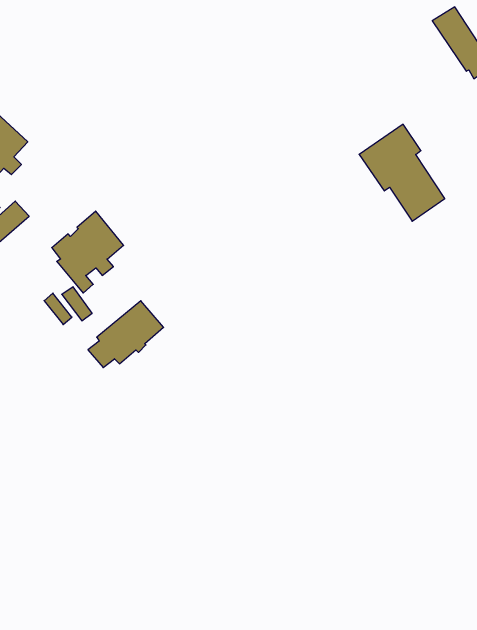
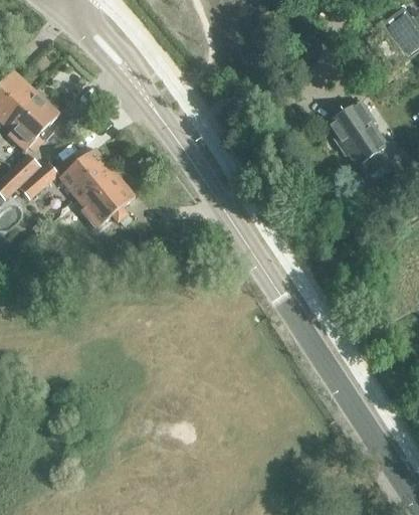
building: [88,301,164,368] -> [53,148,114,201]

